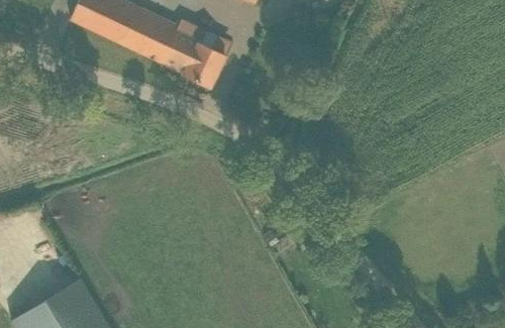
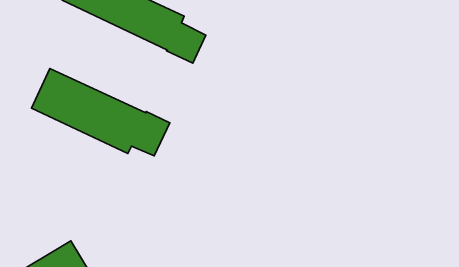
building: none -> [31,68,170,156]

